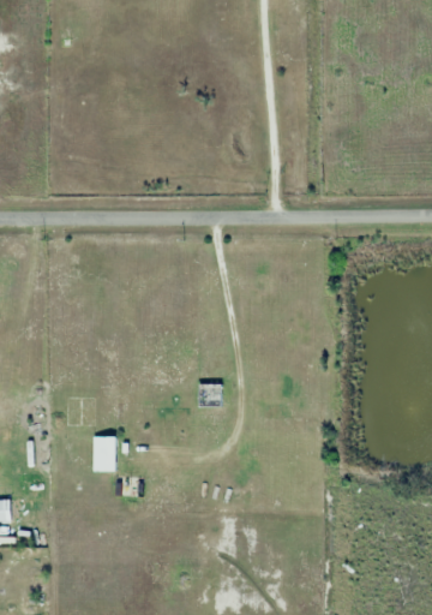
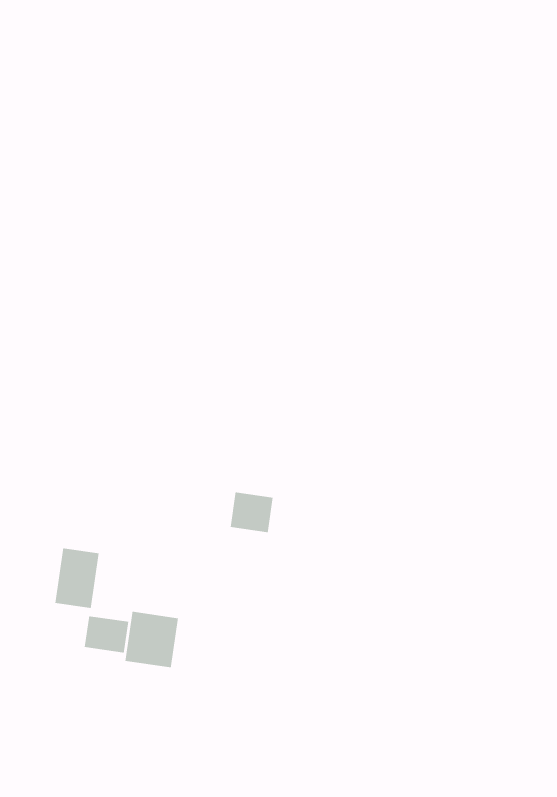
building: none -> [125,611,179,668]

